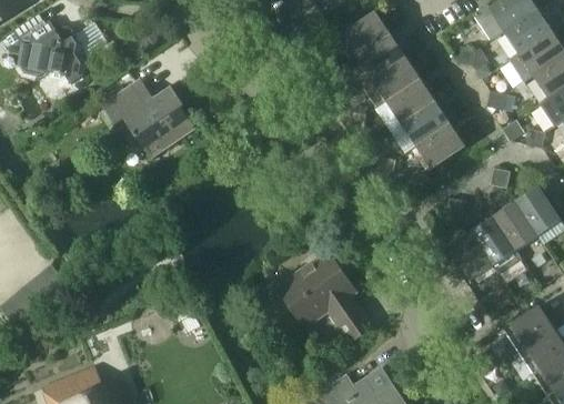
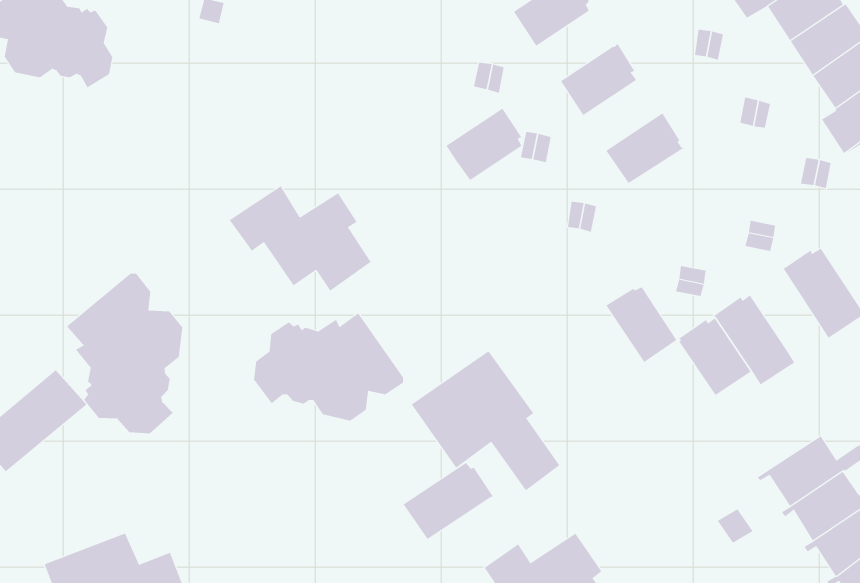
building: [356,33,405,80] -> [445,108,522,181]
building: [386,78,437,124] -> none
building: [101,82,192,150] -> [229,185,371,291]
building: [415,122,465,169] -> none
building: [492,202,543,251] -> [606,286,686,363]
building: none -> [66,273,183,434]
building: none -> [253,313,404,422]
building: none -> [403,462,493,540]

